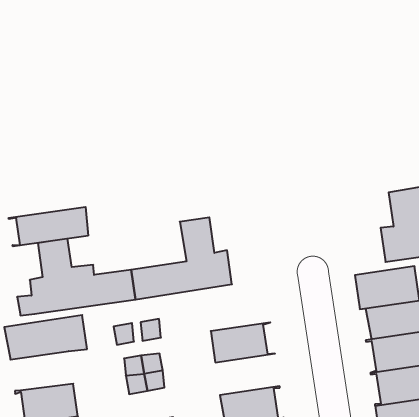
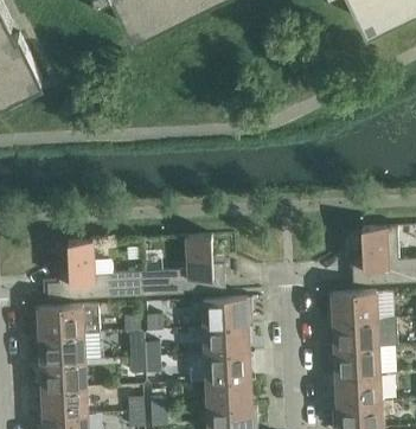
building: [9,207,88,246] -> none
building: none -> [201,296,252,327]
building: none -> [36,332,85,360]
building: none -> [204,351,255,380]

